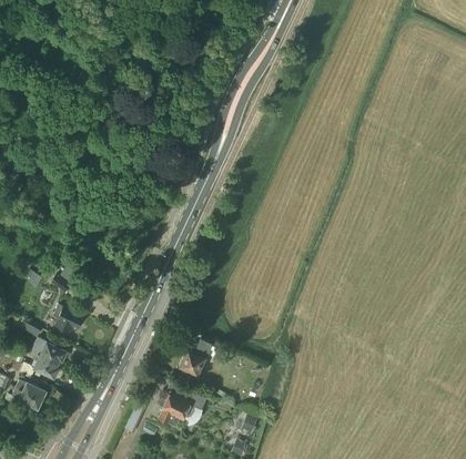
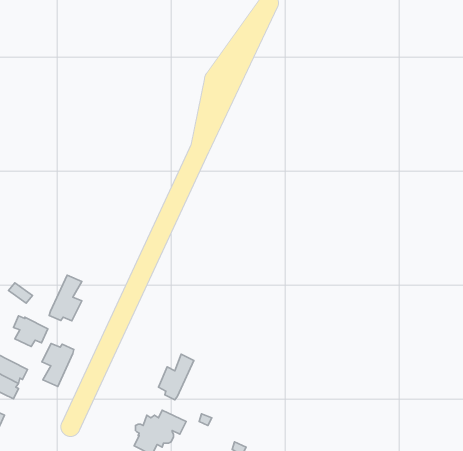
building: none -> [49,275,82,321]
building: none -> [42,343,74,386]

